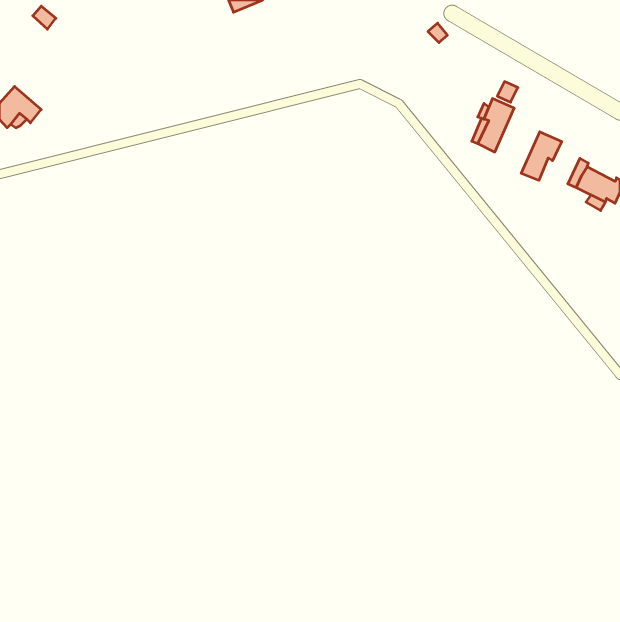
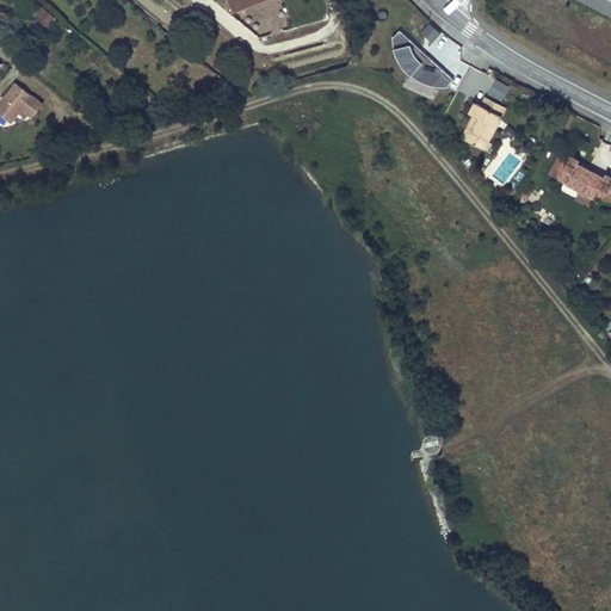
building: none -> [391,30,452,87]
building: [521,132,562,180] -> none

